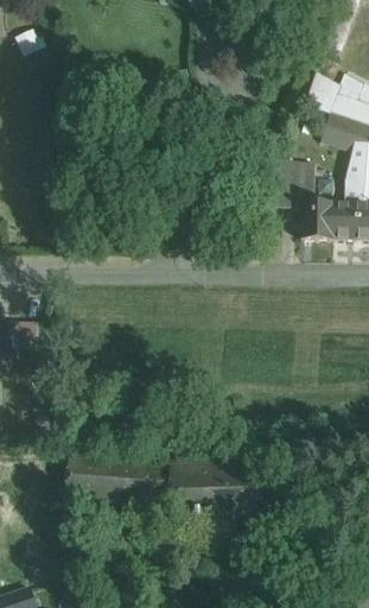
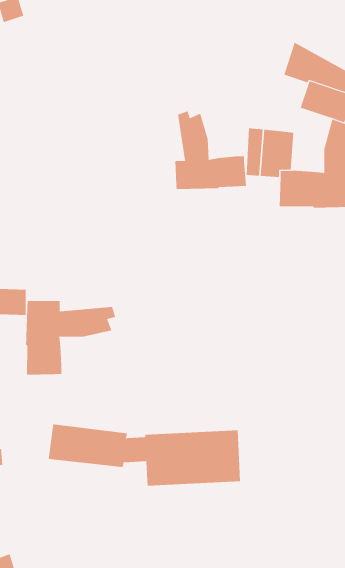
building: none -> [175,111,247,190]
building: none -> [26,300,116,375]

